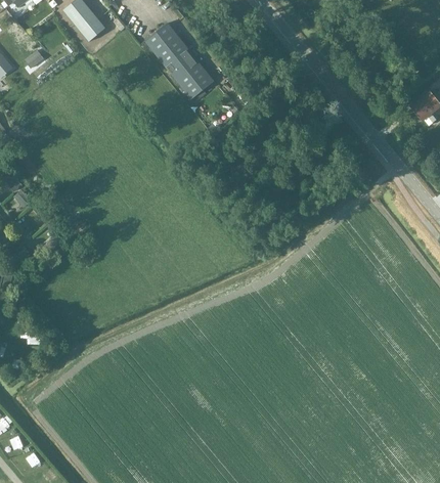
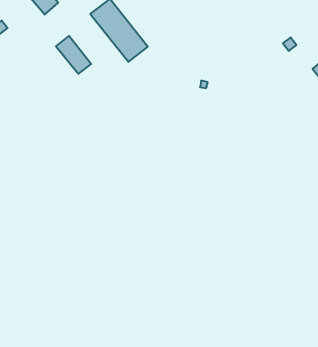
building: none -> [56,36,91,74]

